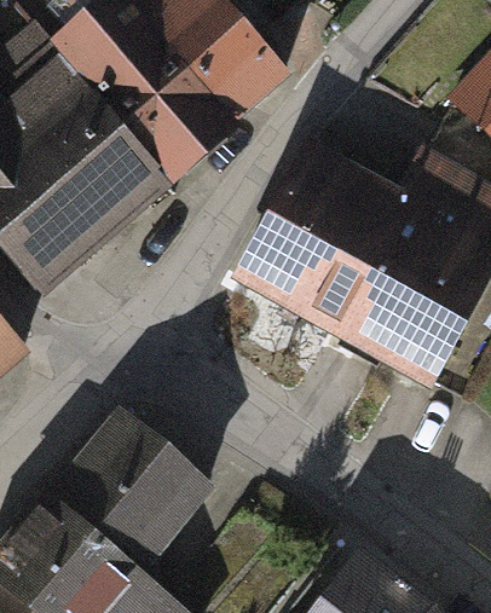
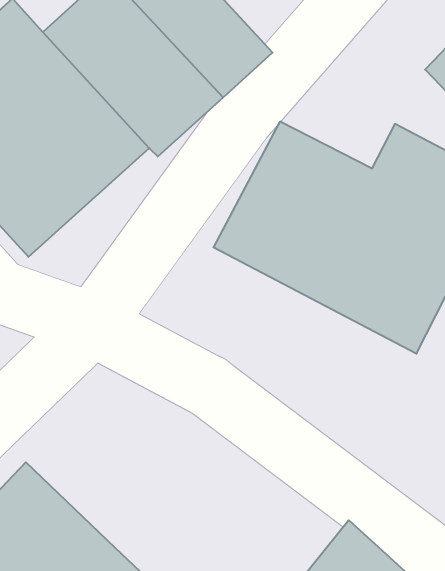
building: [51,401,220,571] -> none

